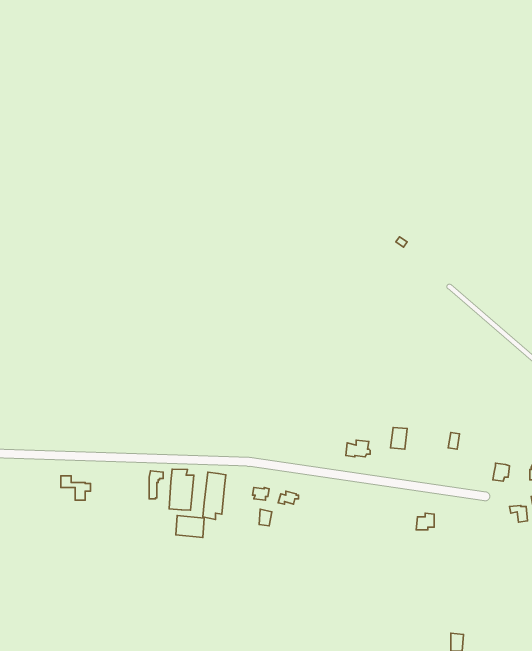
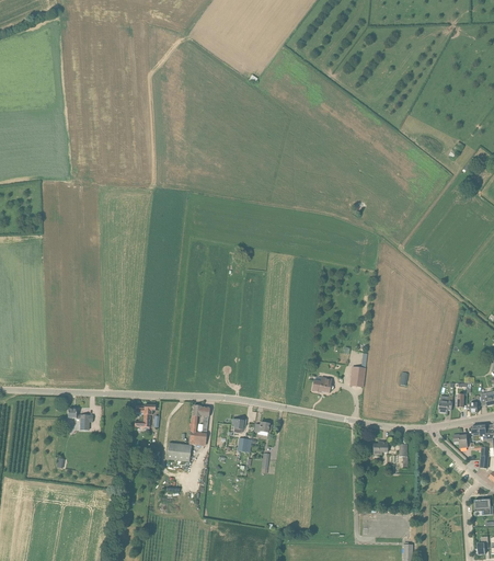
building: [169,469,194,510] -> none

